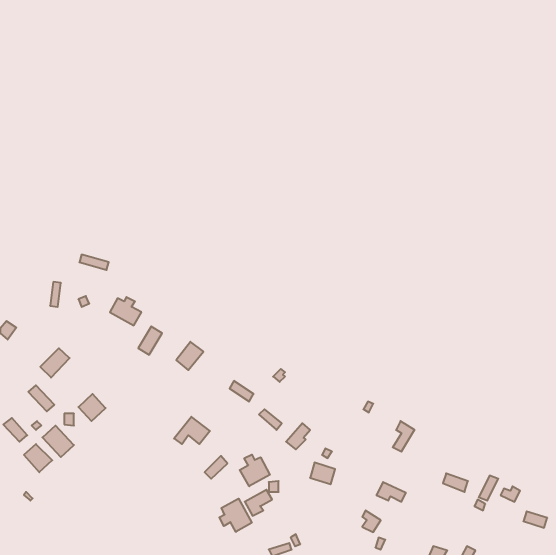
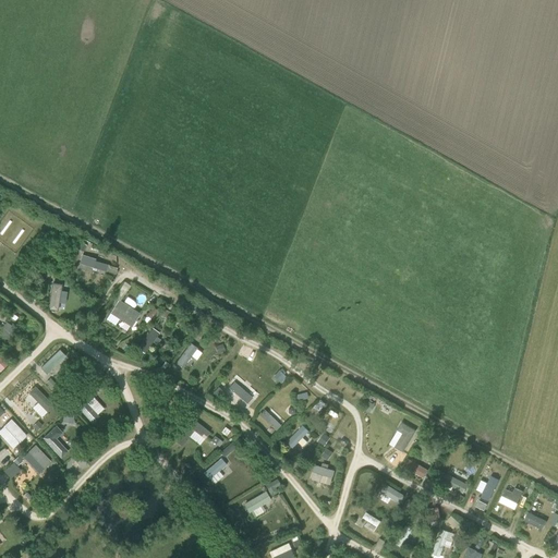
building: [240,455,270,486] -> none
building: [219,499,252,532] -> none

